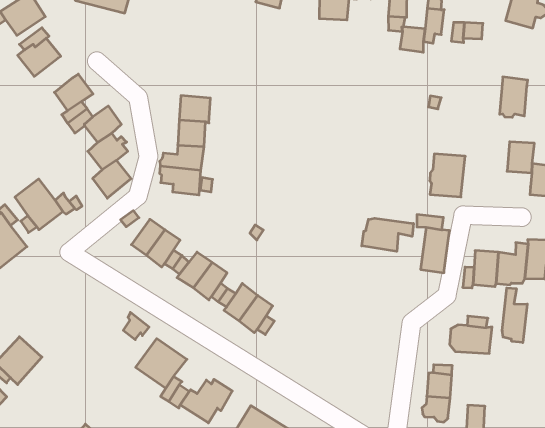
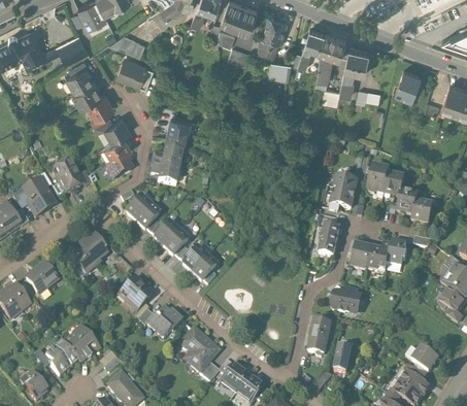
building: none -> [116,58,147,86]
building: none -> [73,81,101,107]
building: [500,77,528,117] -> [368,166,390,194]
building: [362,218,413,251] -> none
building: none -> [69,234,107,274]
building: [502,288,527,343] -> none

